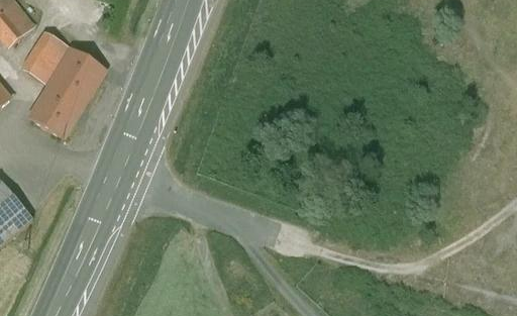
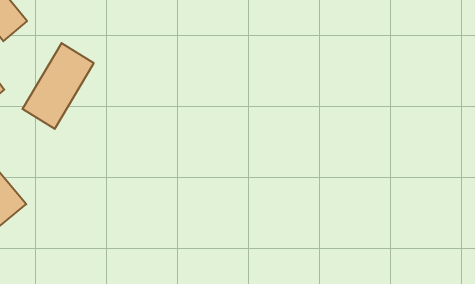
building: [21,30,68,83] -> none

